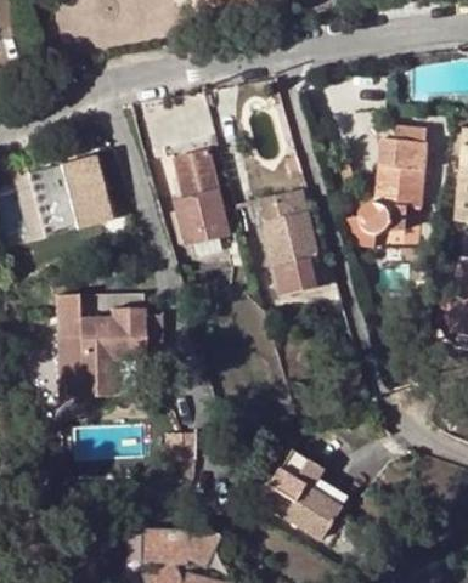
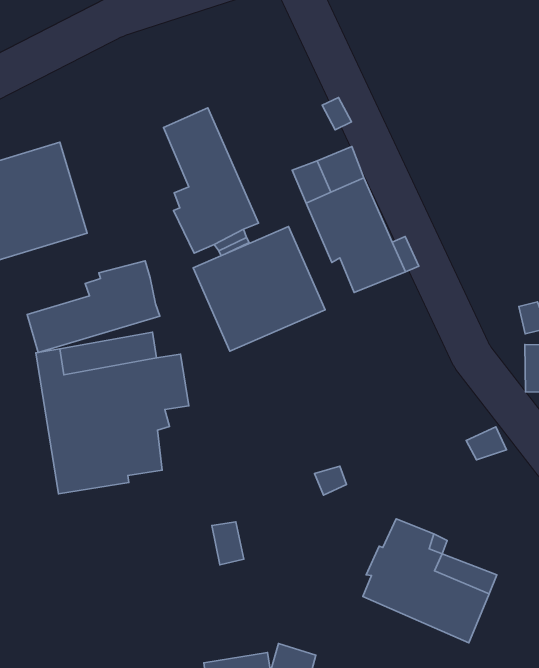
building: [348,126,428,244] -> none
building: none -> [193,226,325,351]
building: none -> [27,261,160,352]

